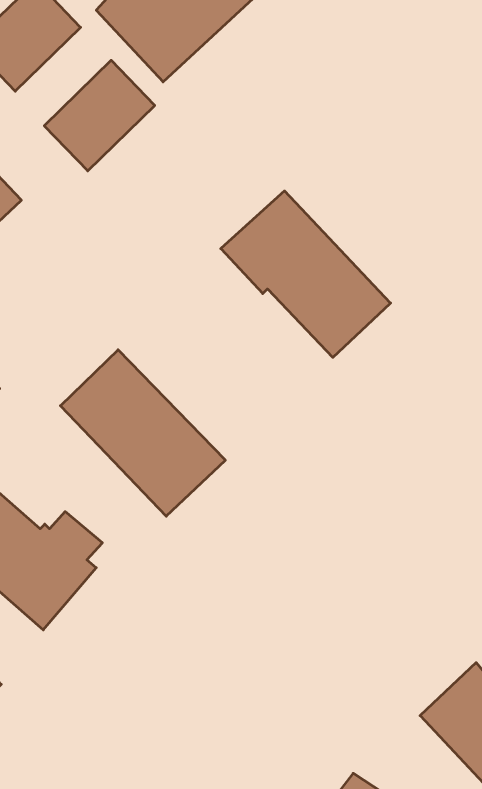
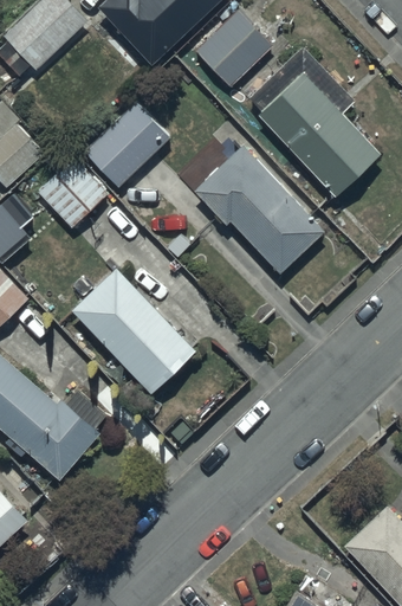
building: none -> [196,13,271,86]
building: none -> [248,46,380,198]
building: [44,60,155,171] -> [85,102,169,186]
building: none -> [38,157,108,225]

